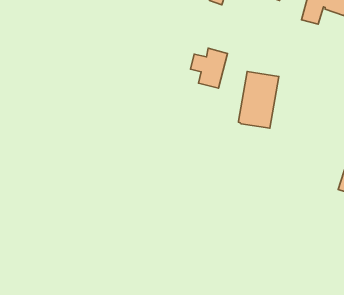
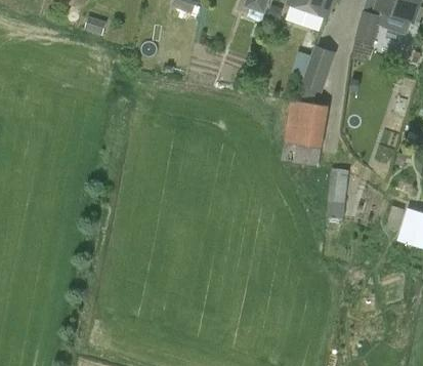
building: [191,48,227,88] -> [294,44,337,91]
building: none -> [326,168,347,218]

